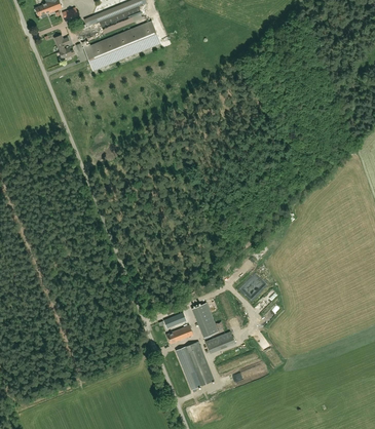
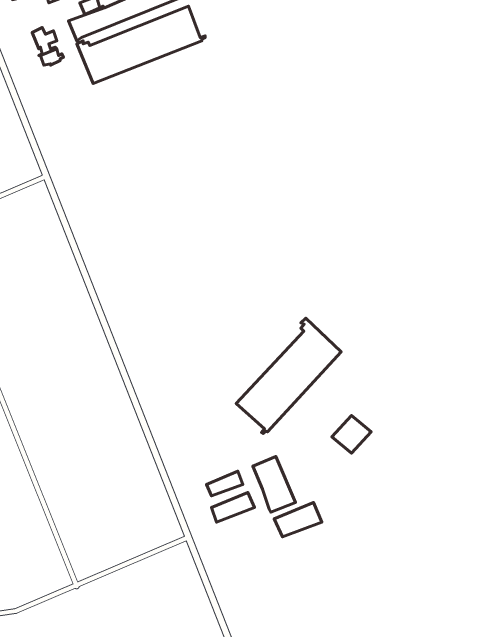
building: none -> [236,318,341,433]
building: [177,341,214,388] -> none

